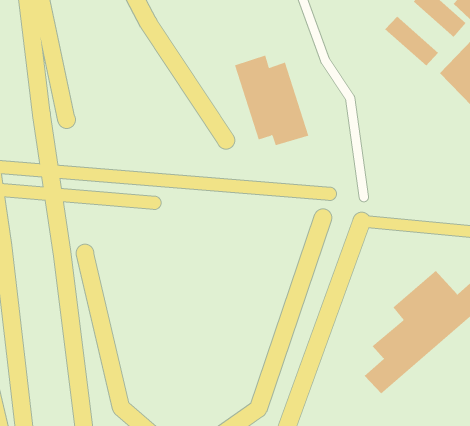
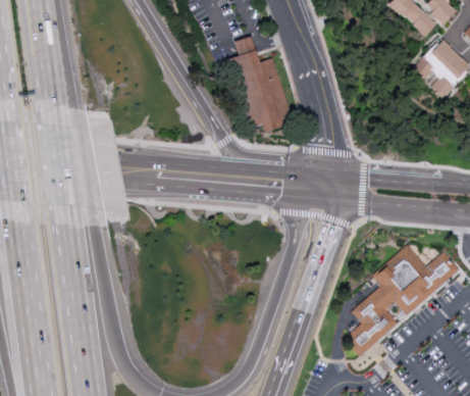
building: [384,16,439,67] -> none

